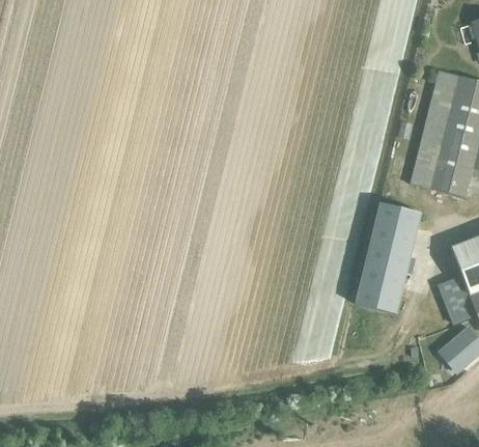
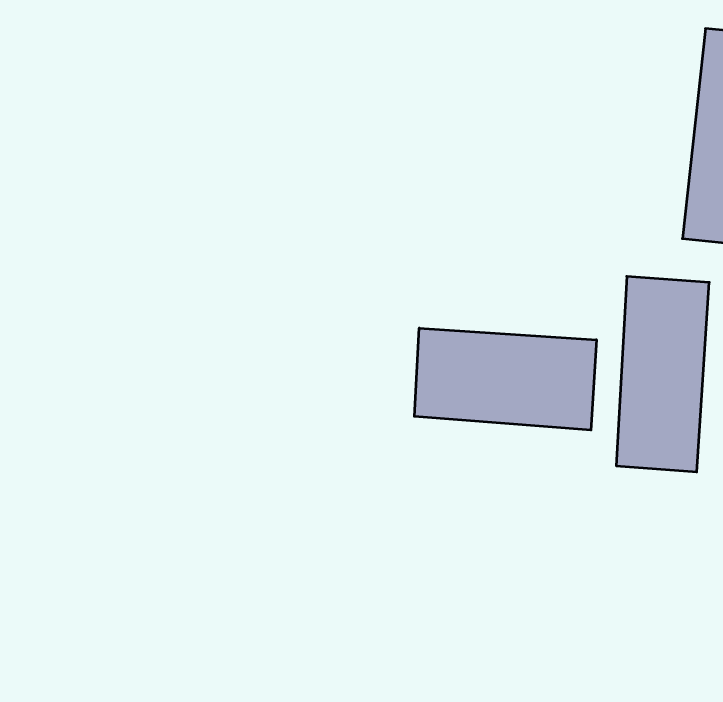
building: none -> [414,328,596,430]

